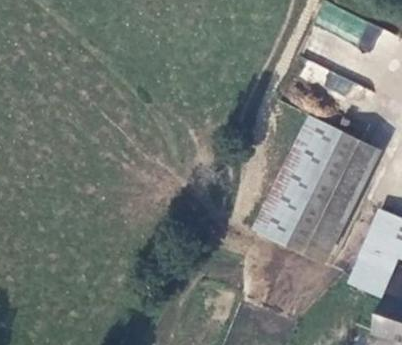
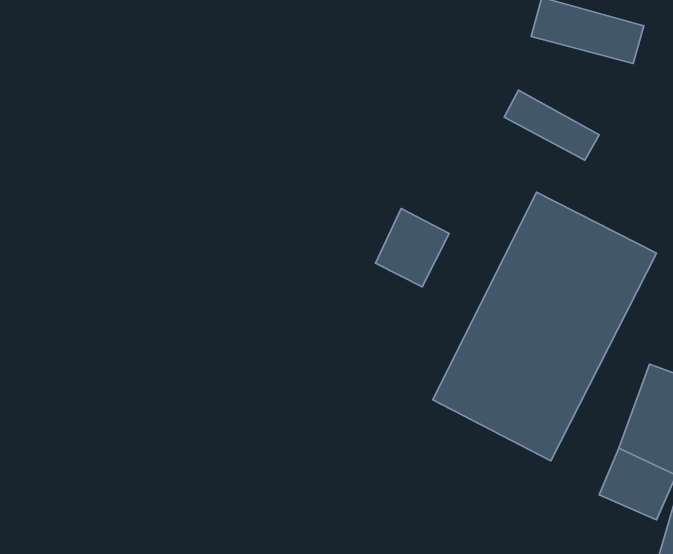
building: none -> [375,209,449,287]

